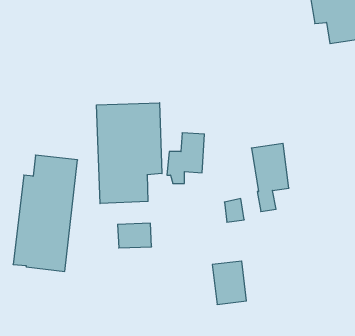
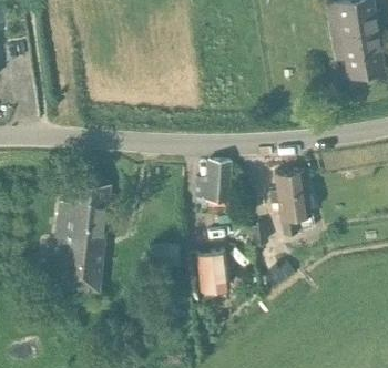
building: [97,103,162,204] -> none
building: [212,261,246,304] -> [197,251,229,292]

